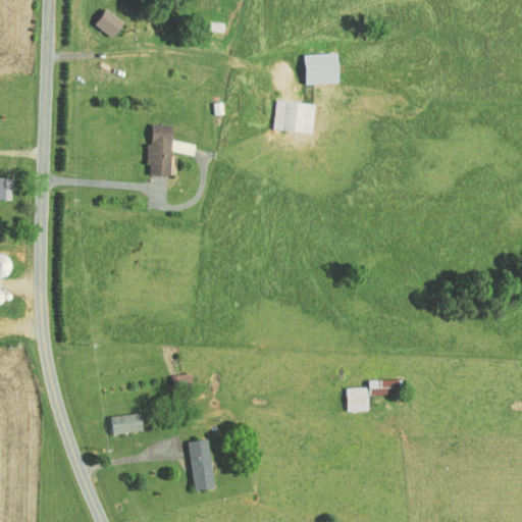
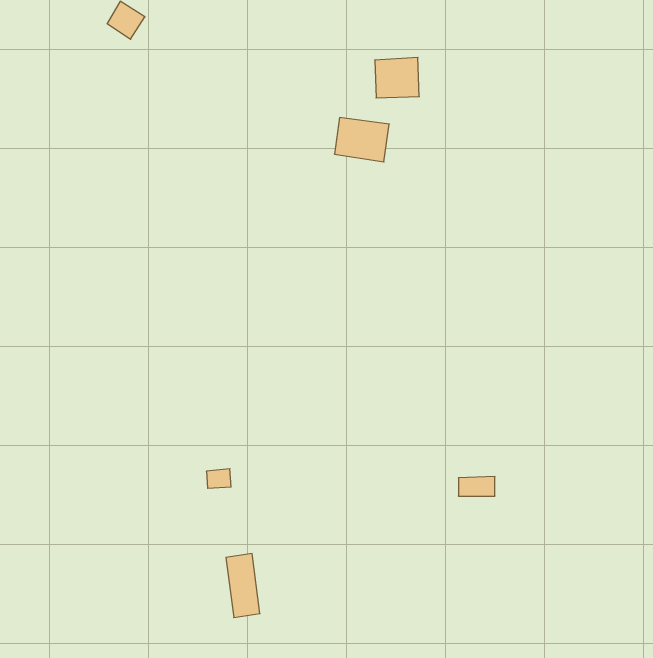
building: [149,124,173,175] -> none
building: [347,386,368,411] -> none
building: [110,413,143,433] -> none

